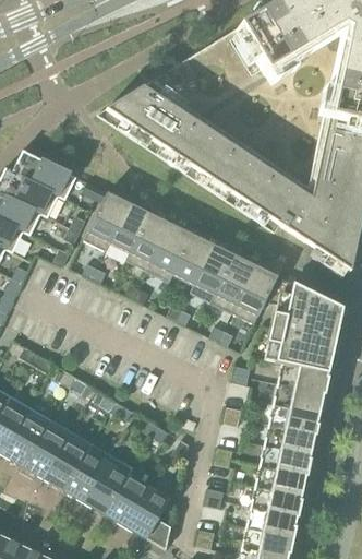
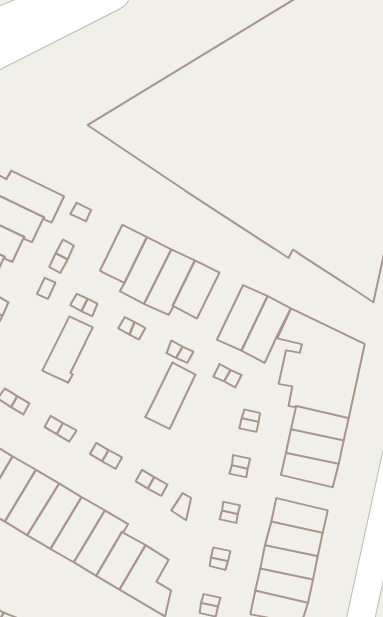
building: [83,192,128,251] -> [42,316,93,383]
building: [190,245,234,304] -> [145,362,196,429]
building: [264,424,314,455] -> none

